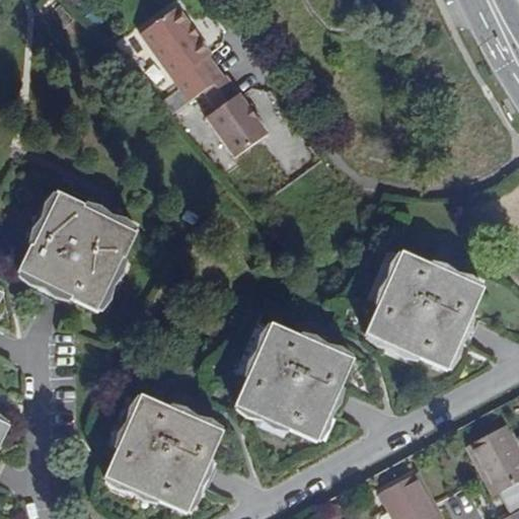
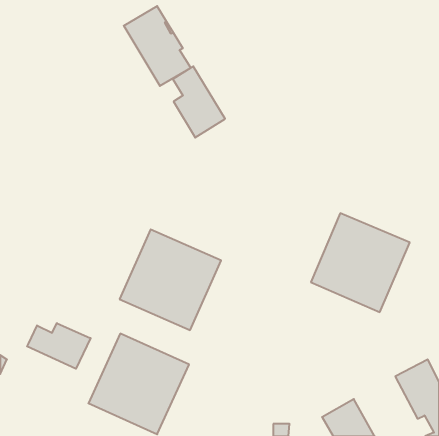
building: [20,194,136,308] -> none
building: [234,322,354,441] -> [120,229,221,330]
building: none -> [27,323,91,369]

